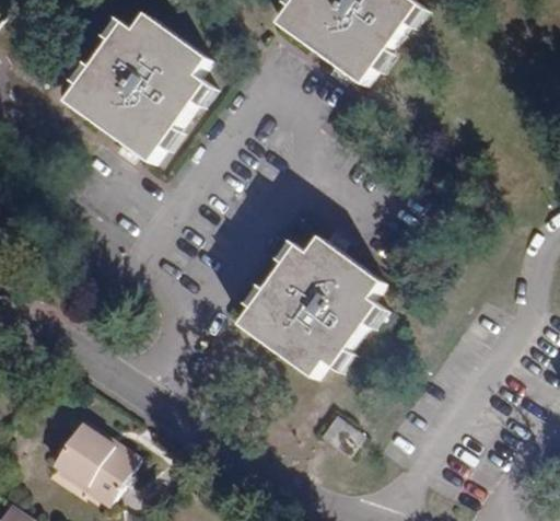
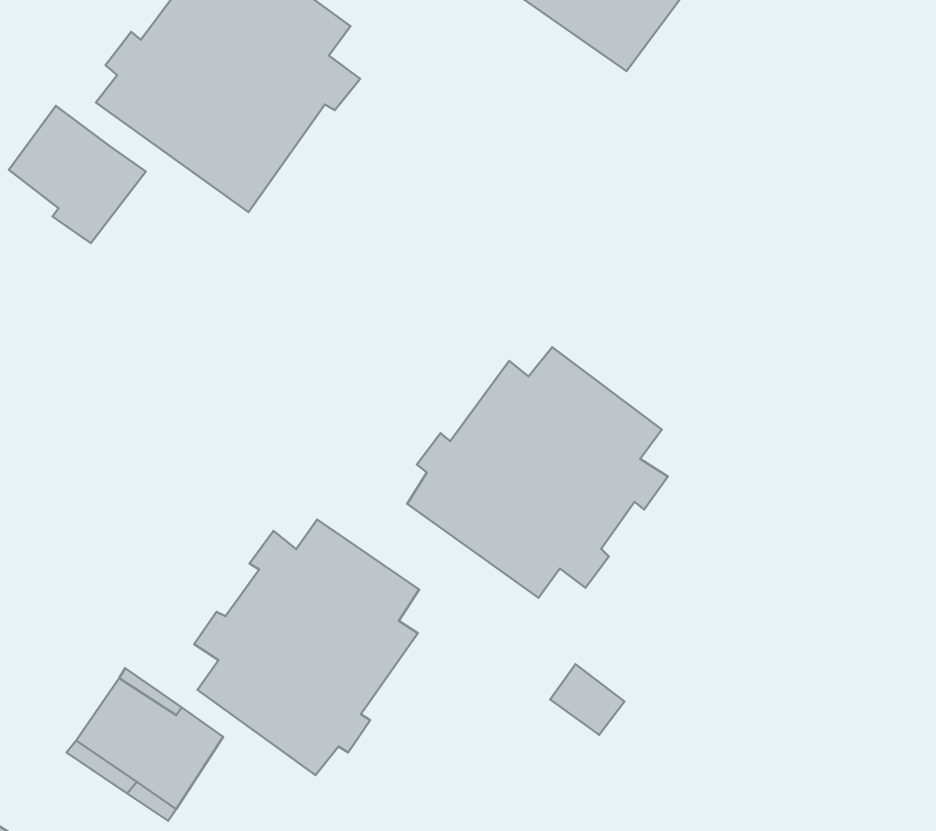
building: none -> [9,106,146,243]
building: none -> [194,519,419,775]

